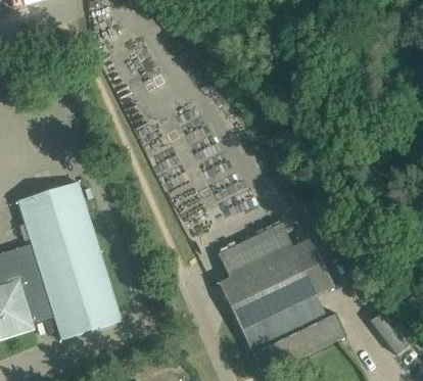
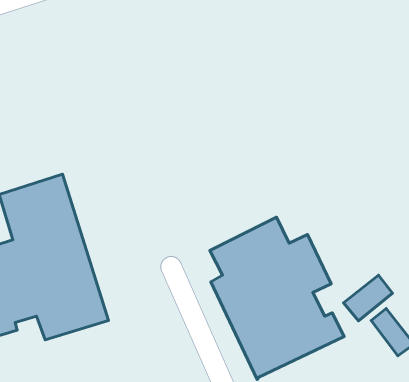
building: none -> [343,275,393,321]

